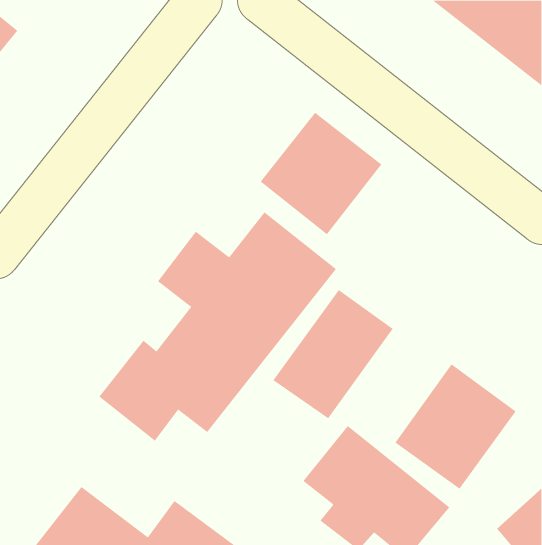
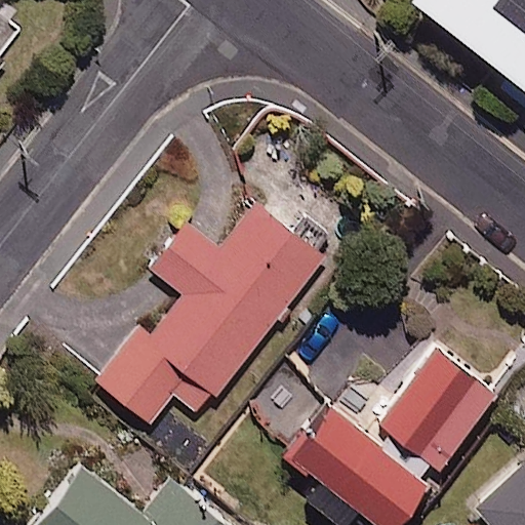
building: [260,112,382,235] -> none
building: [273,289,393,419] -> none

